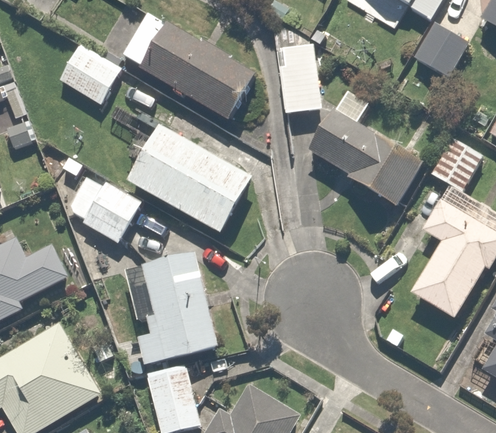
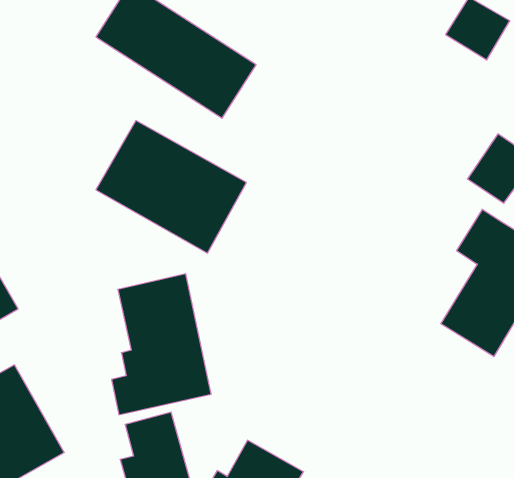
building: [58,42,121,103] -> none
building: [278,47,323,112] -> none
building: [304,108,424,210] -> none
building: [81,182,140,243] -> none

